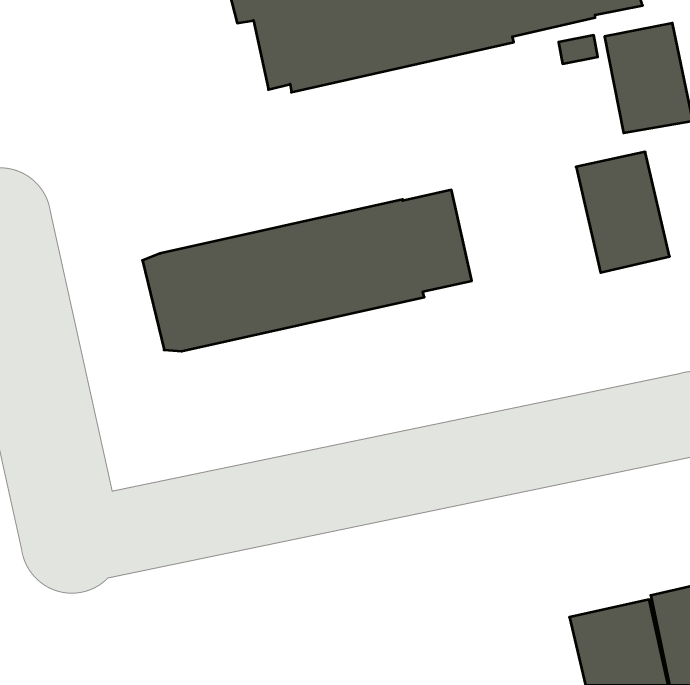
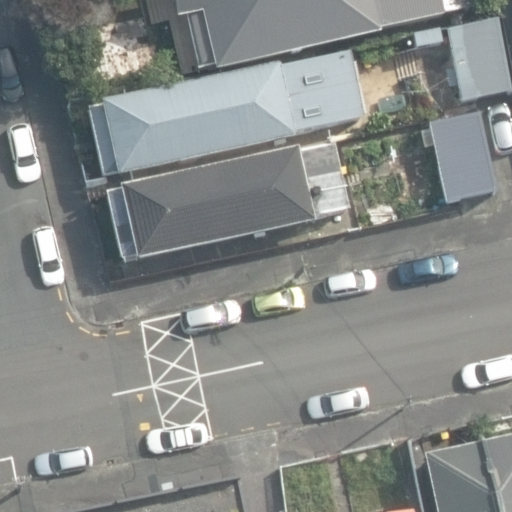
building: none -> [86,49,364,176]

